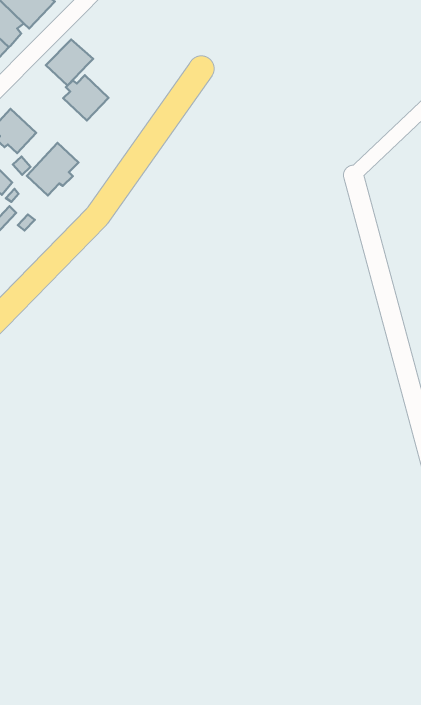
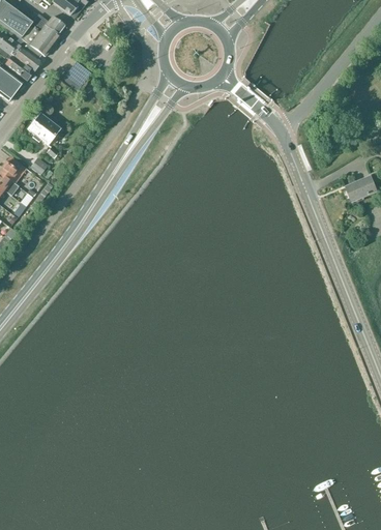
building: [63,75,108,121] -> none
building: [27,143,79,196] -> none

